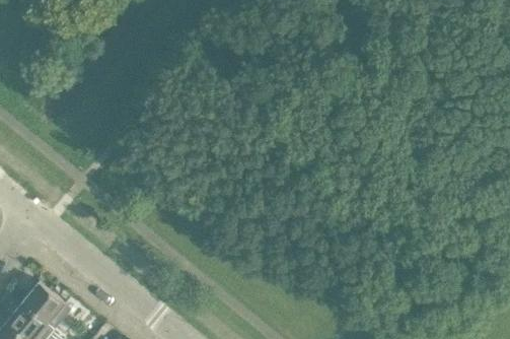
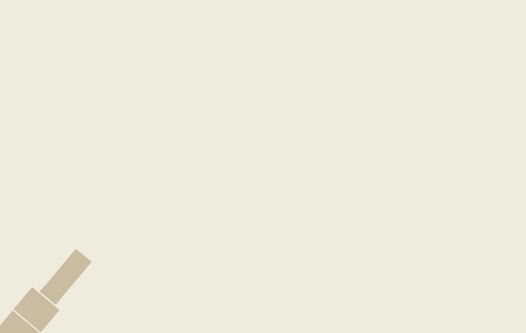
building: none -> [39,248,93,306]

